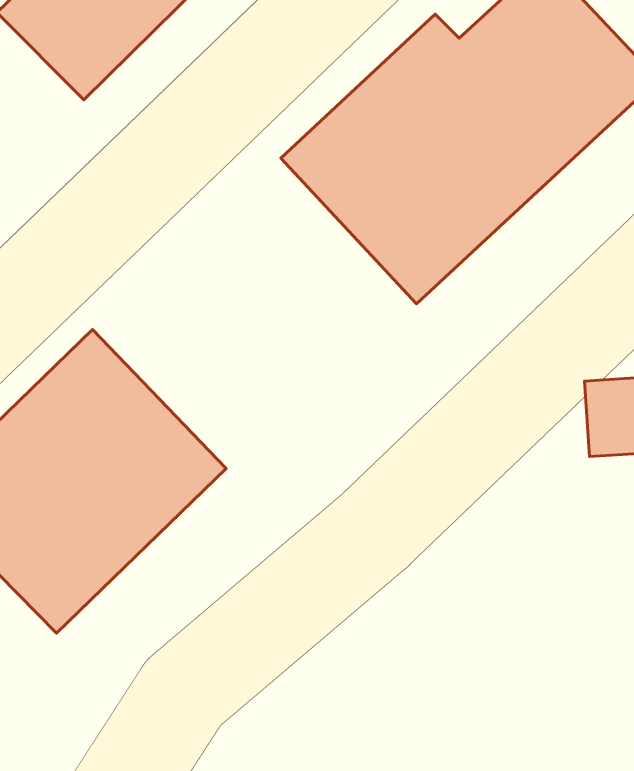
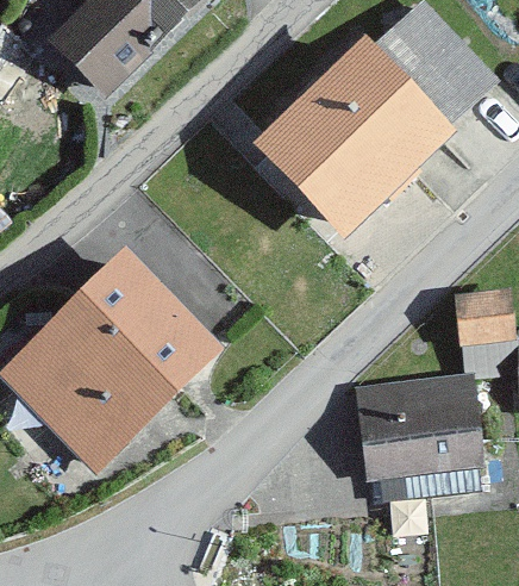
building: none -> [362,374,481,479]

